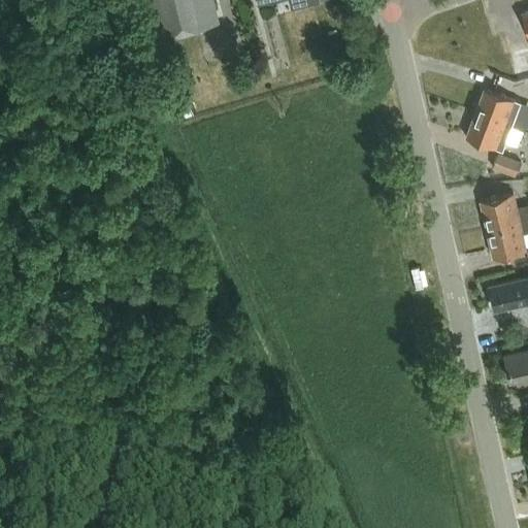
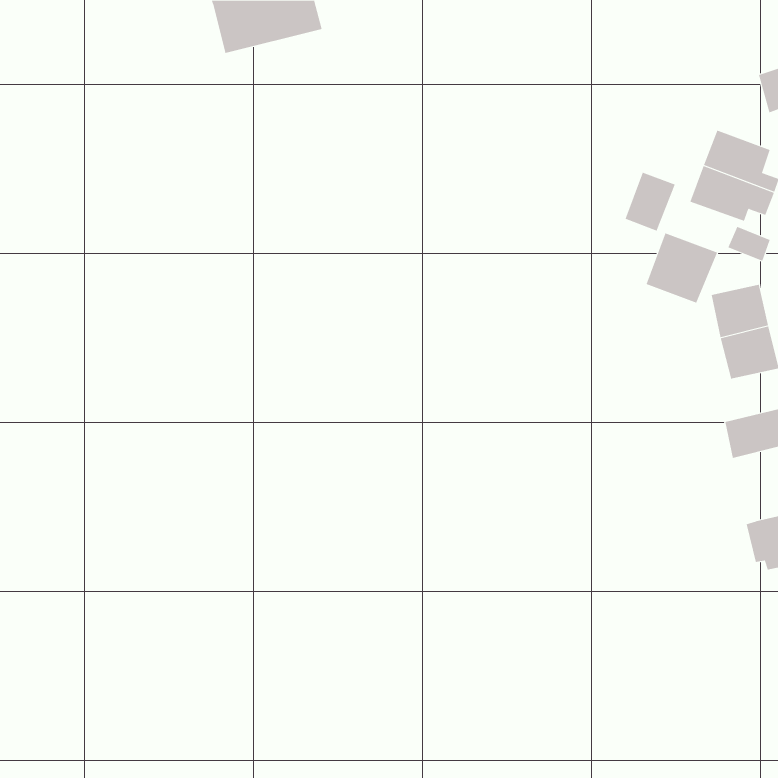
building: none -> [625,172,676,231]
building: none -> [646,233,718,304]

